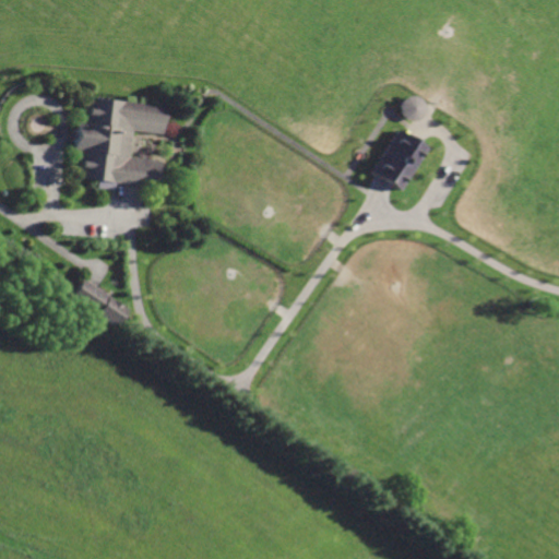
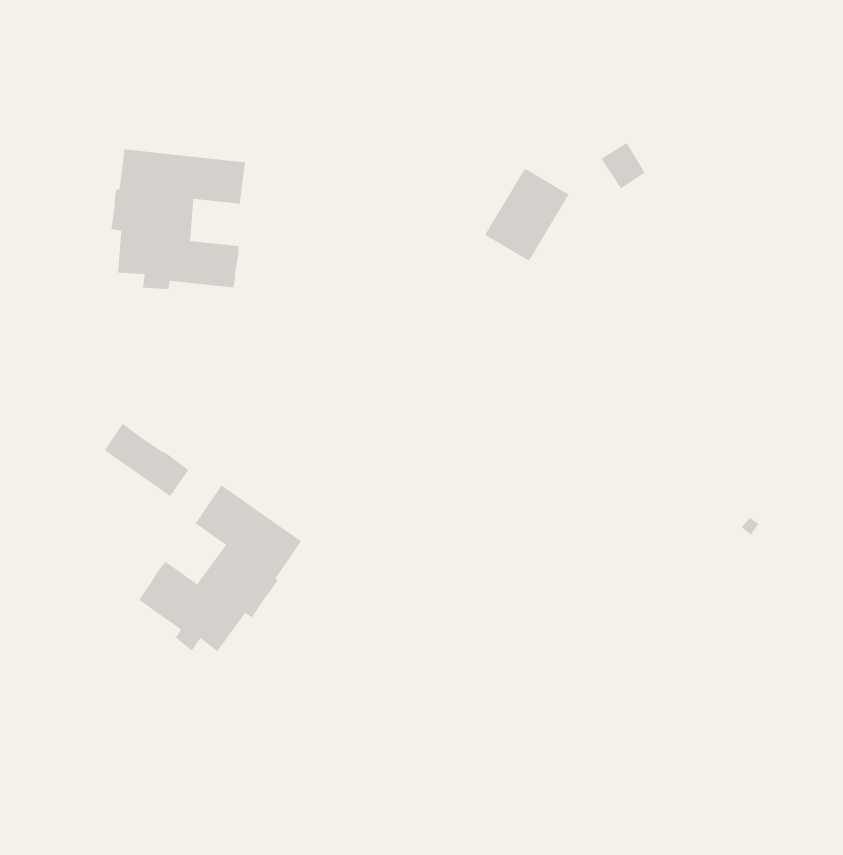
building: [373,129,429,190] -> [484,168,570,261]
building: none -> [138,484,302,652]

